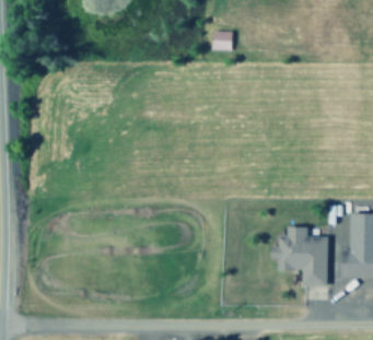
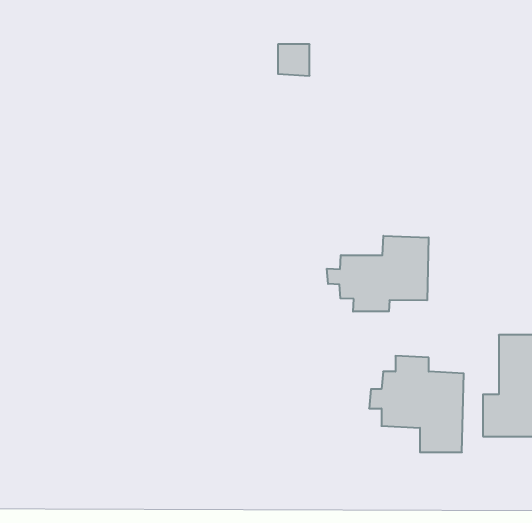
building: none -> [327,236,429,312]

